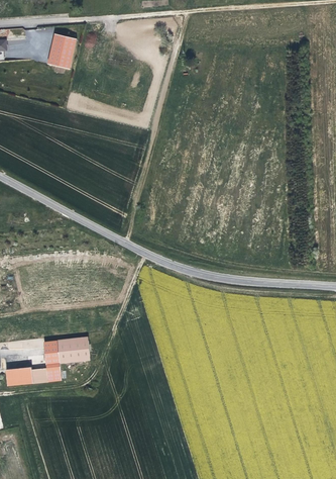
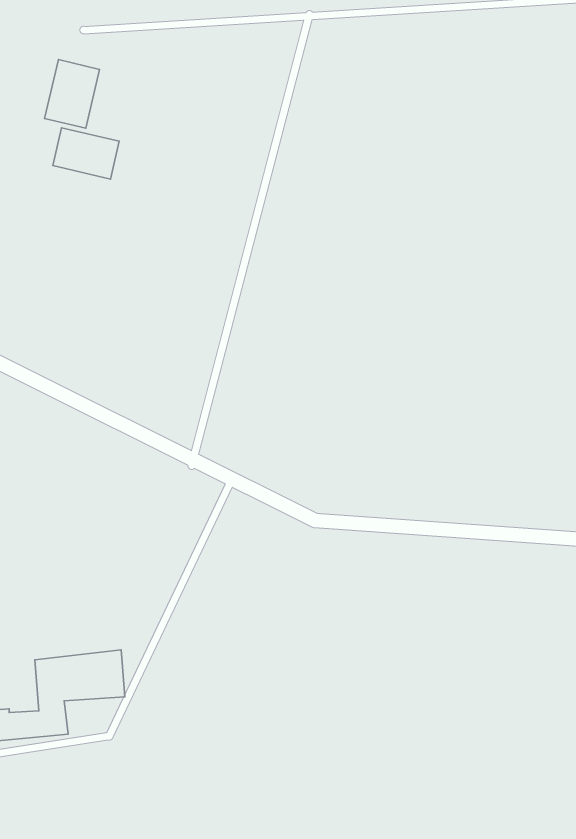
building: none -> [53,128,119,179]

